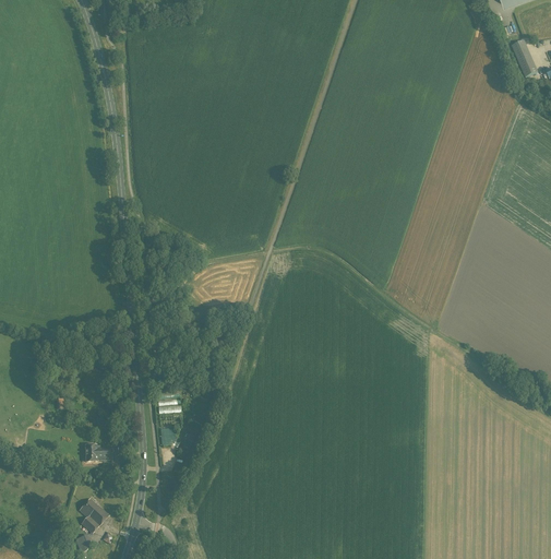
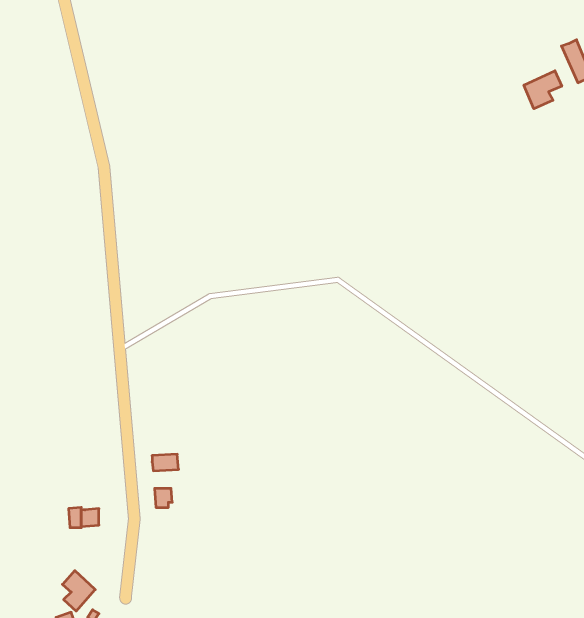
building: none -> [524,71,562,109]

